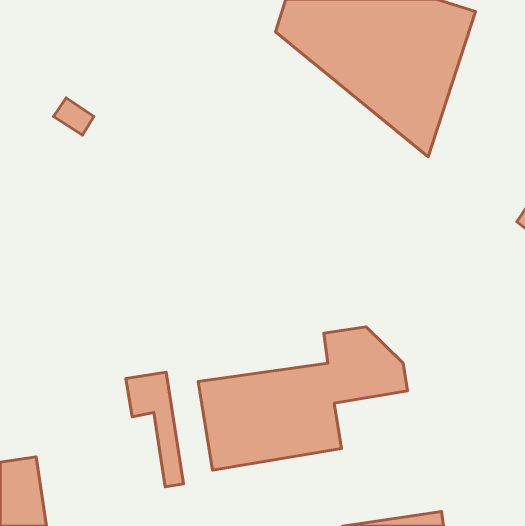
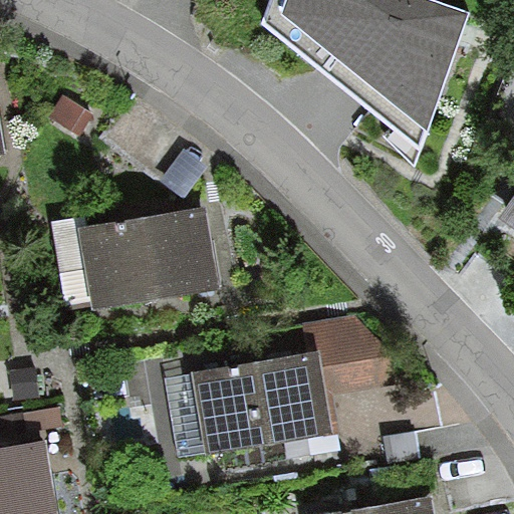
building: none -> [82,209,220,307]

